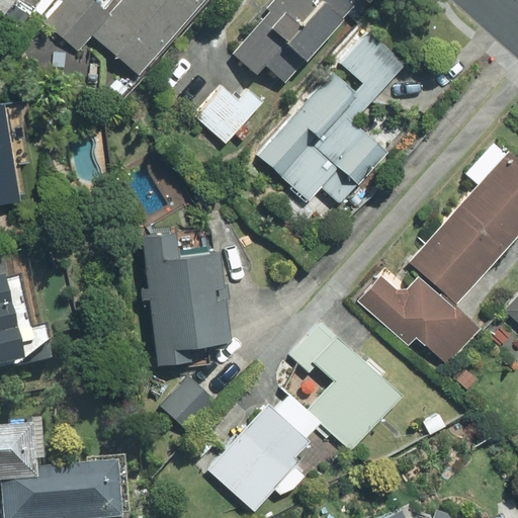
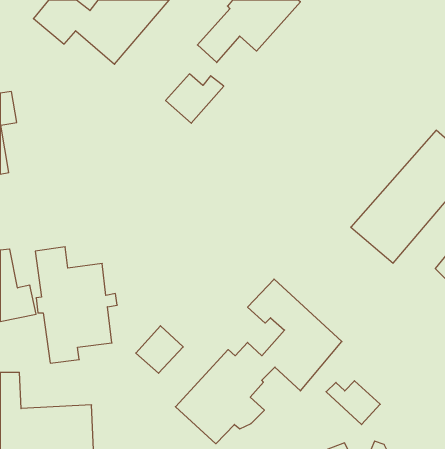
building: [258,31,405,204] -> none
building: [138,230,232,363] -> [35,247,117,363]
building: [358,275,481,364] -> none
building: none -> [326,381,380,425]

